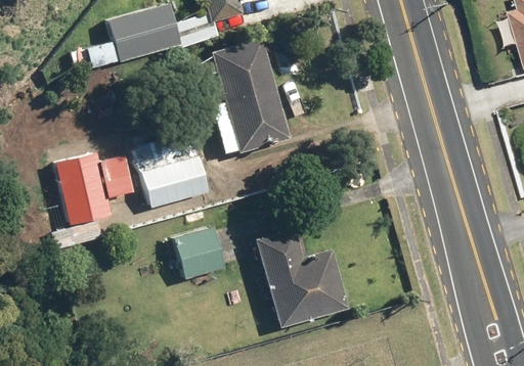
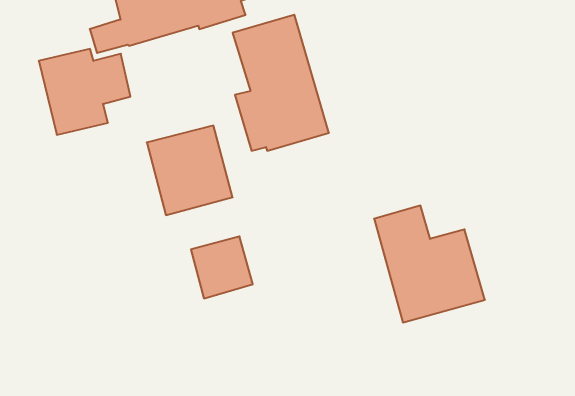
building: [54,150,133,224] -> [39,49,130,135]
building: [254,227,349,327] -> [374,206,485,322]

